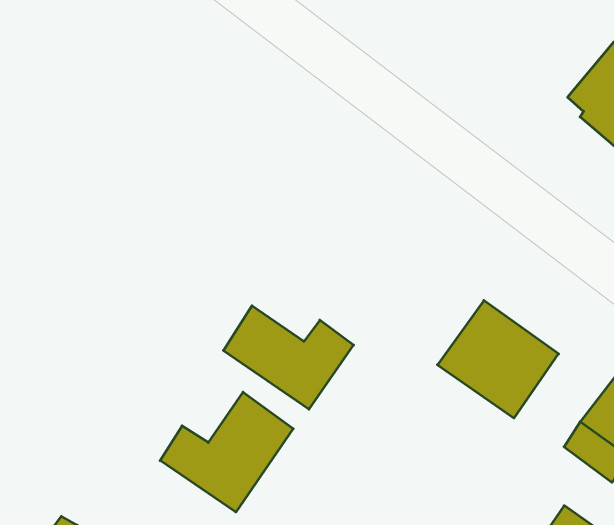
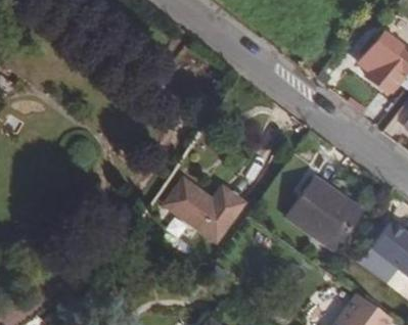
building: [160,392,293,512] -> none

